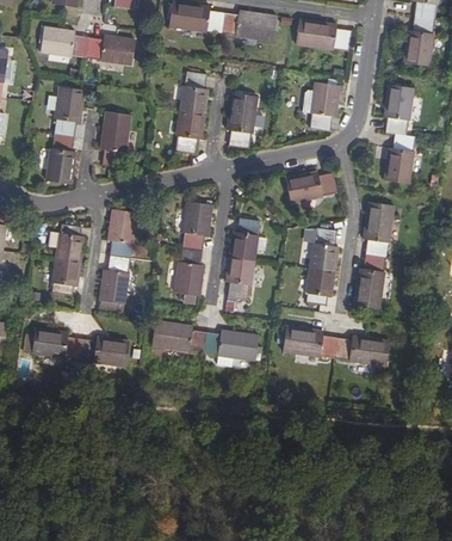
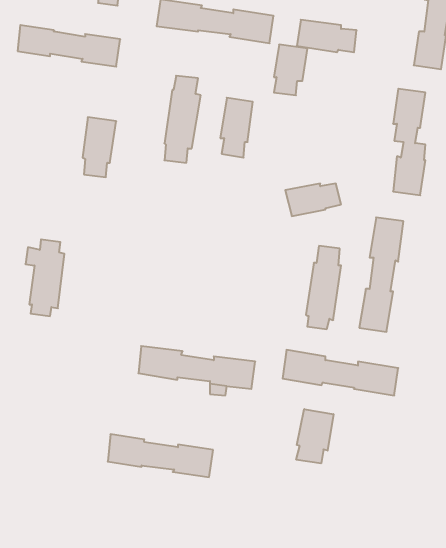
building: [310,84,341,130] -> [274,45,308,95]
building: [45,87,83,183] -> none
building: [173,203,211,297] -> none
building: [99,210,136,306] -> none
building: [225,220,258,300] -> none
building: [32,327,129,367] -> [108,434,213,477]
building: none -> [296,409,333,463]

